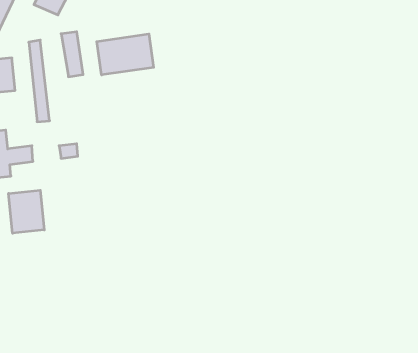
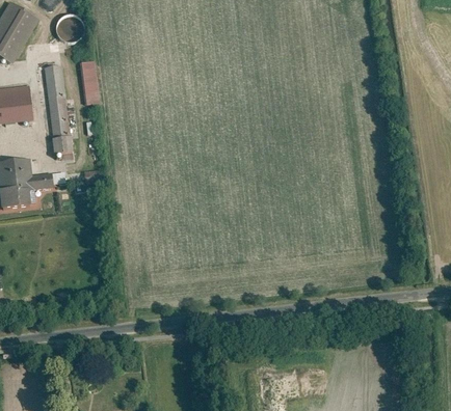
building: [97,34,154,75] -> none
building: [9,190,44,233] -> none

